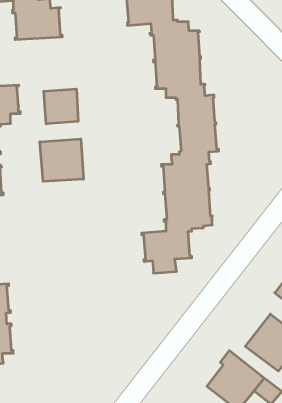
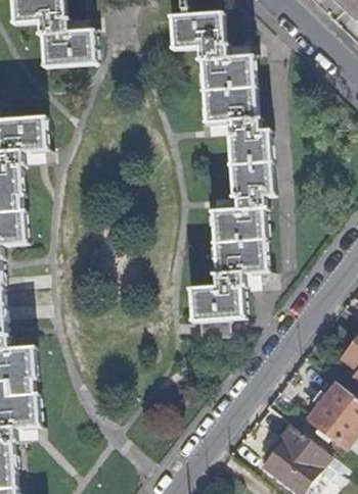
building: [44,89,78,124] -> none
building: [40,139,83,181] -> none

